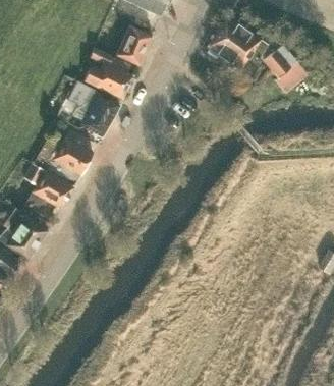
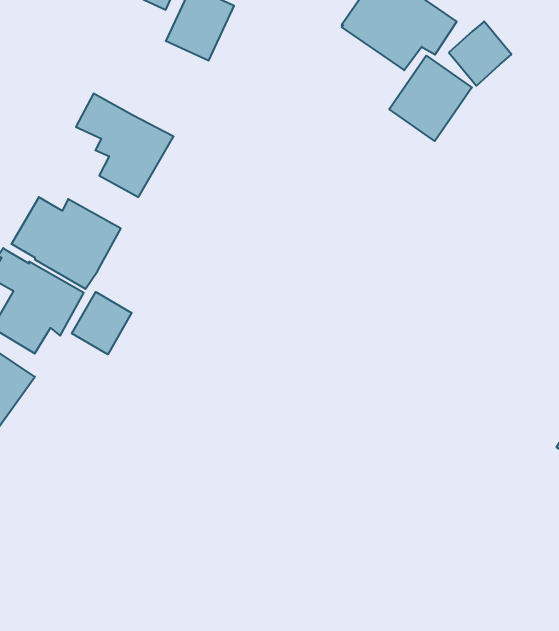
building: [87,48,133,99] -> none
building: none -> [389,56,472,141]
building: none -> [72,292,132,354]

